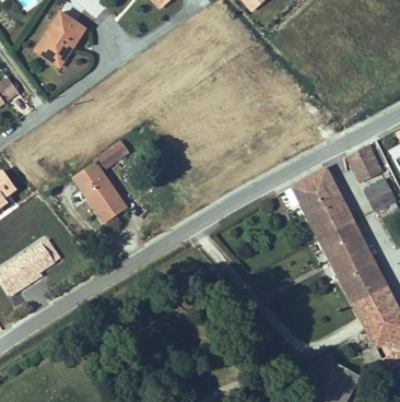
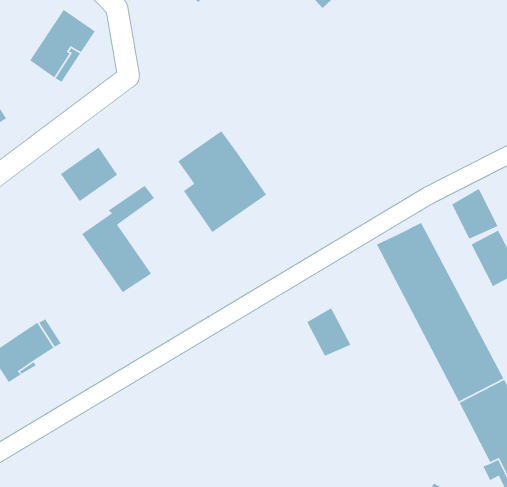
building: none -> [177,130,267,233]
building: none -> [60,147,118,202]
building: none -> [306,307,351,357]

